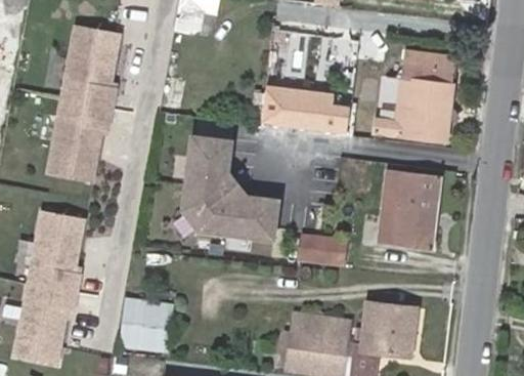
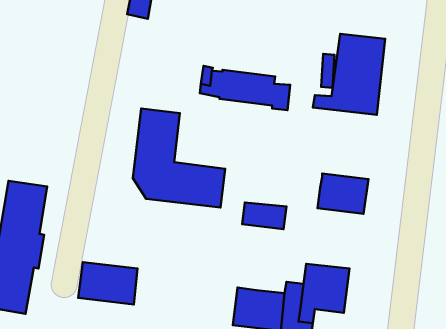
building: [50,35,116,180] -> none
building: [384,172,439,212] -> none
building: [292,309,346,336] -> none

